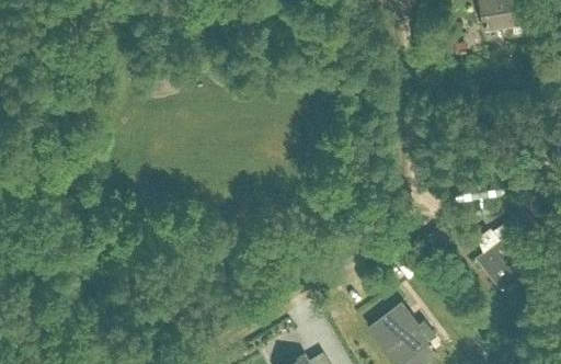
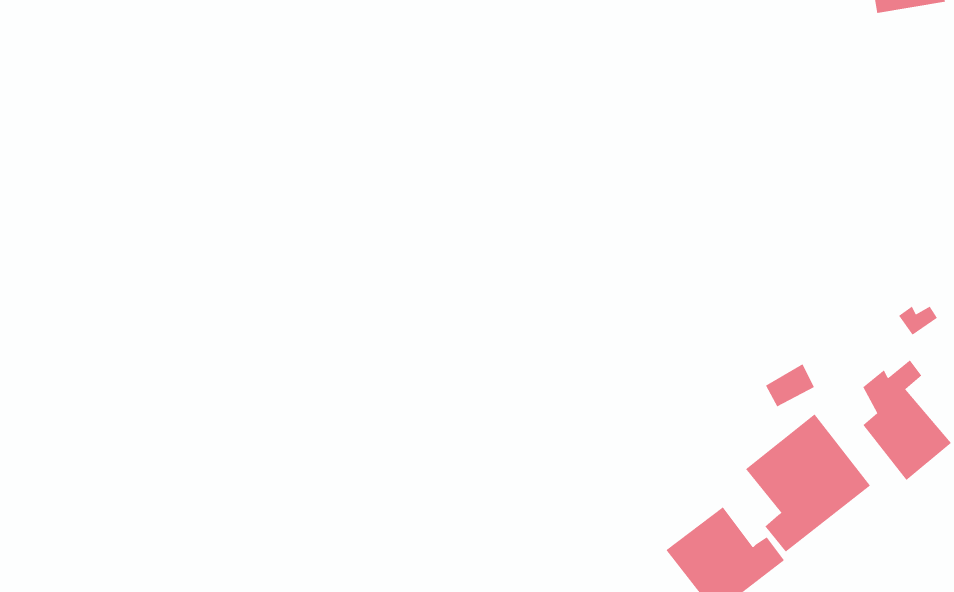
building: none -> [745,413,871,553]

